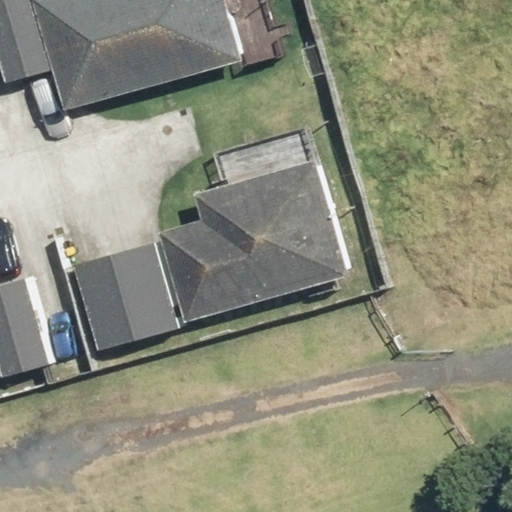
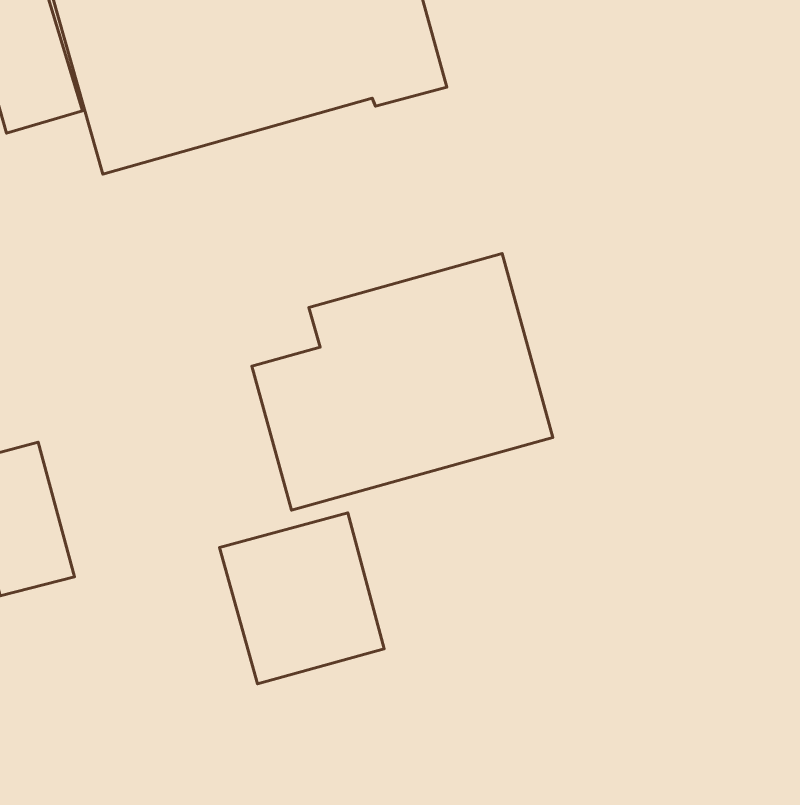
building: [72,243,176,351] -> [220,513,384,684]

